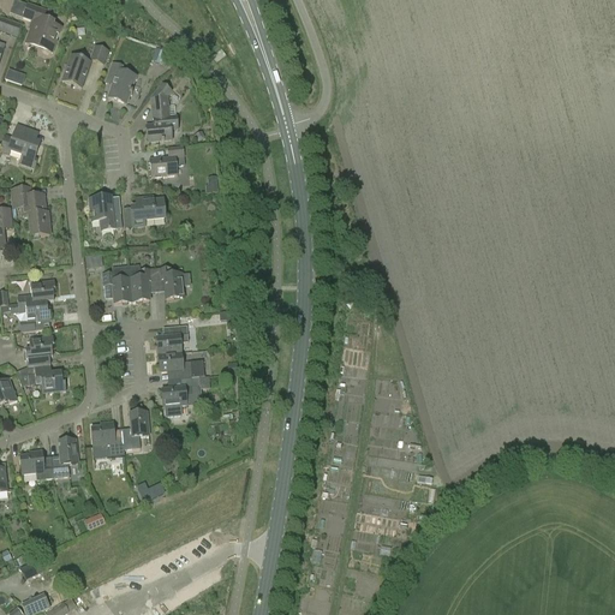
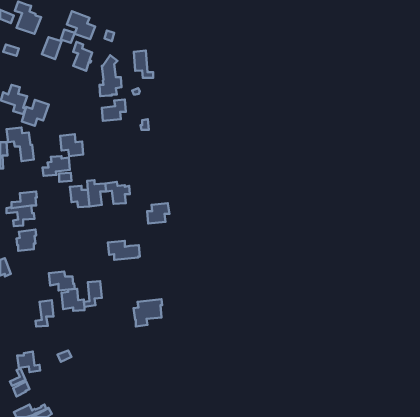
building: none -> [67,11,95,39]
building: none -> [134,51,153,78]
building: none -> [22,100,49,126]
building: [124,197,163,226] -> [43,156,70,176]
building: [156,324,189,354] -> [147,203,169,224]
building: [26,364,65,392] -> [49,272,75,290]
building: [161,376,203,416] -> [133,299,162,326]
building: [19,449,53,479] -> [17,352,40,372]

